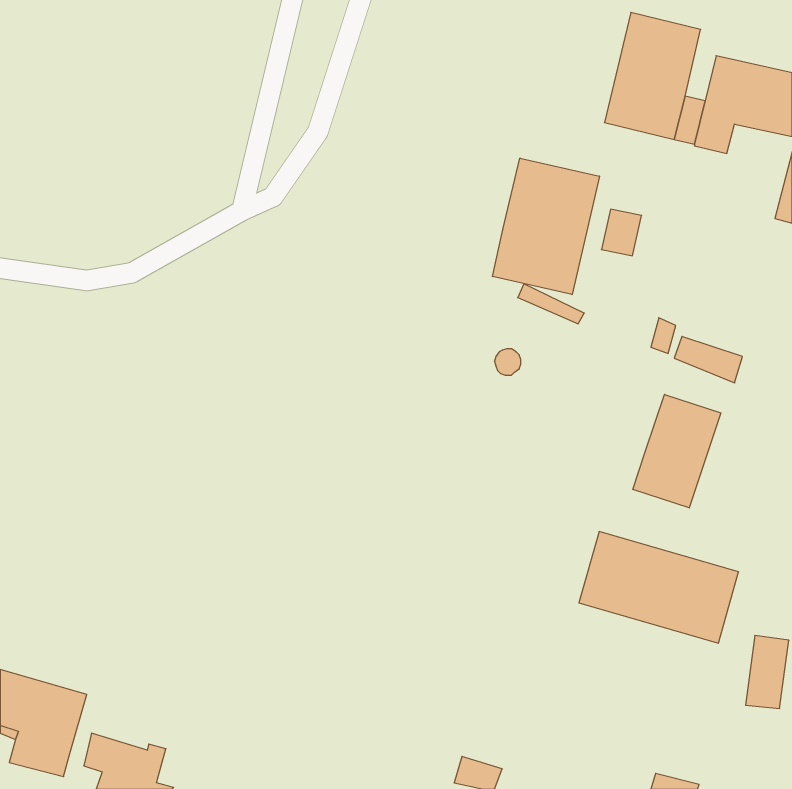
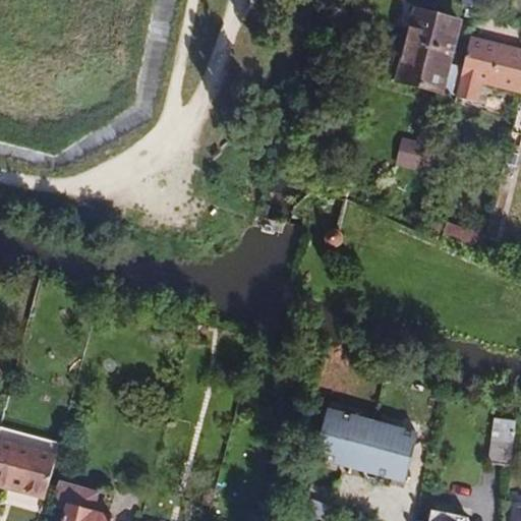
building: [493,158,599,295] -> none
building: [633,394,721,508] -> none
building: [579,532,739,643] -> [315,408,420,481]

